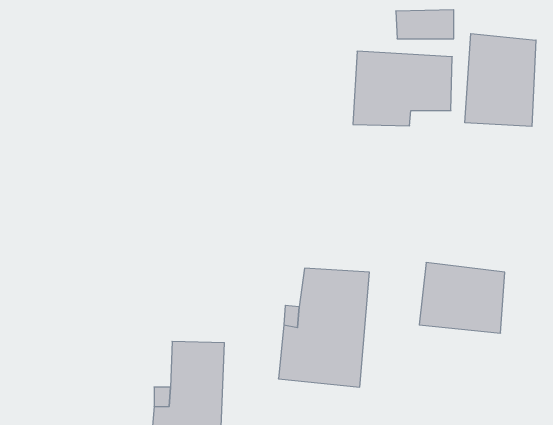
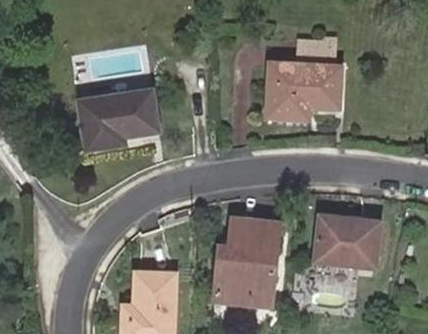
building: [465,34,536,126] -> none
building: none -> [78,89,159,149]

